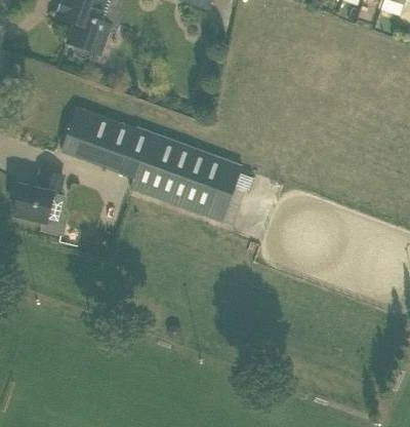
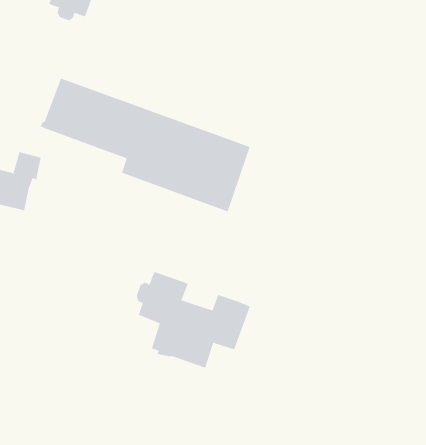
building: none -> [136,271,250,369]

